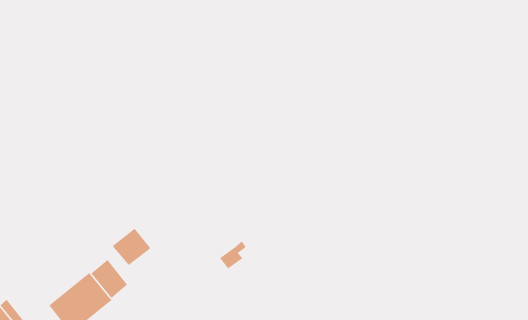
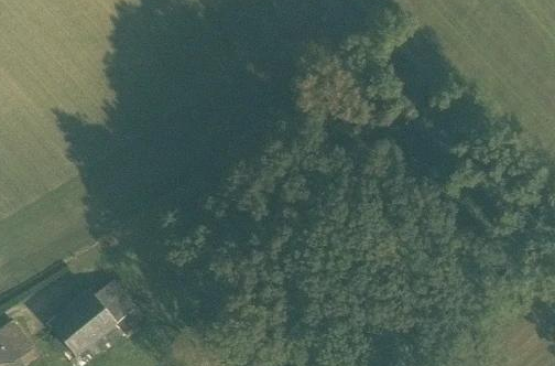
building: [112,228,151,266] -> none

